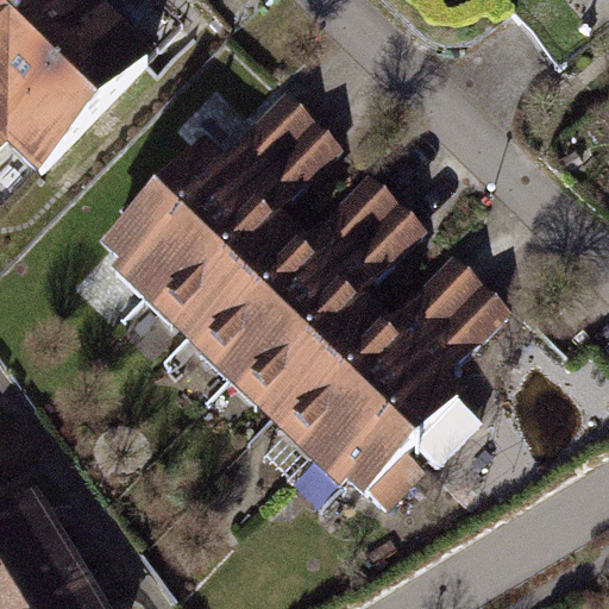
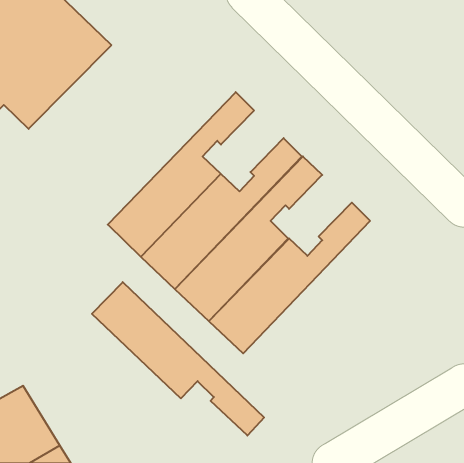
building: [95,95,304,289] -> none
building: [314,285,504,513] -> none
building: none -> [92,282,264,436]

